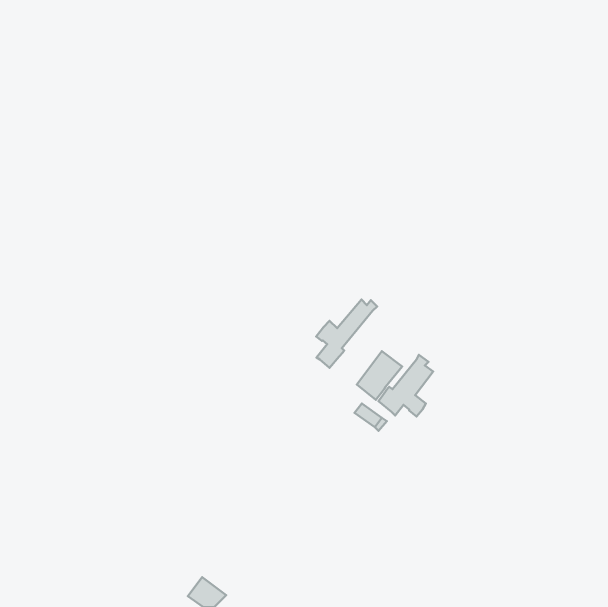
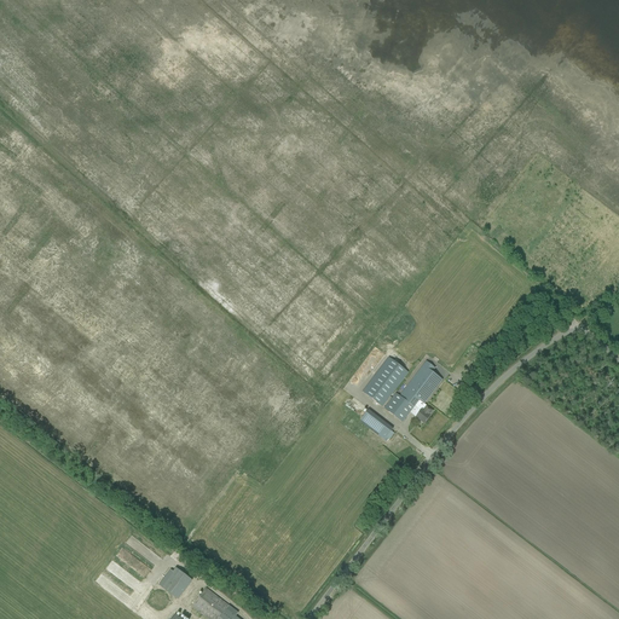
building: [316,299,377,368] -> none
building: none -> [158,565,191,598]

